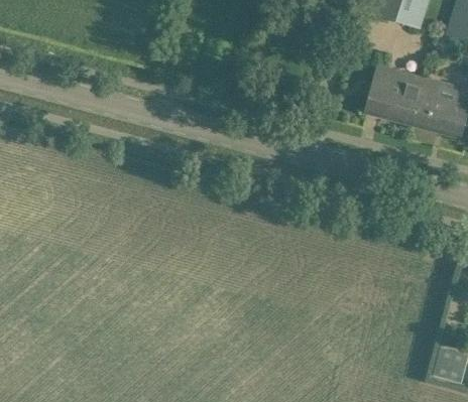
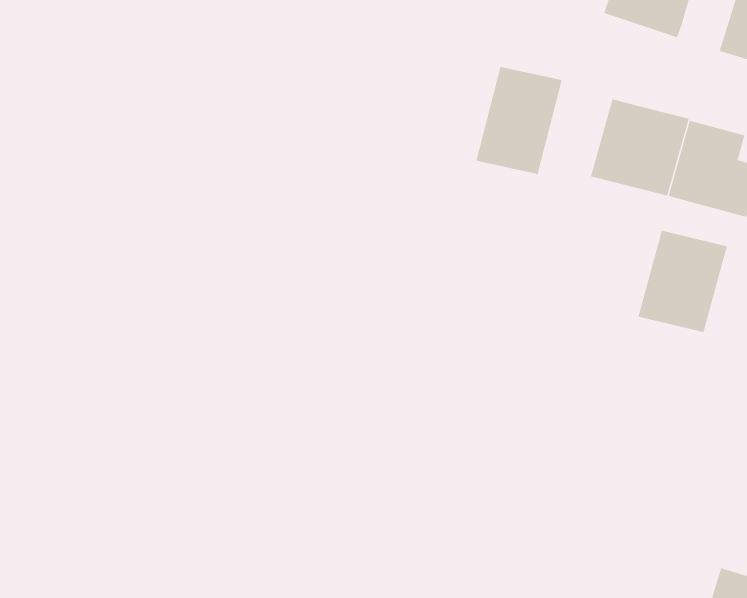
building: none -> [476,66,562,175]
building: none -> [638,230,728,333]

